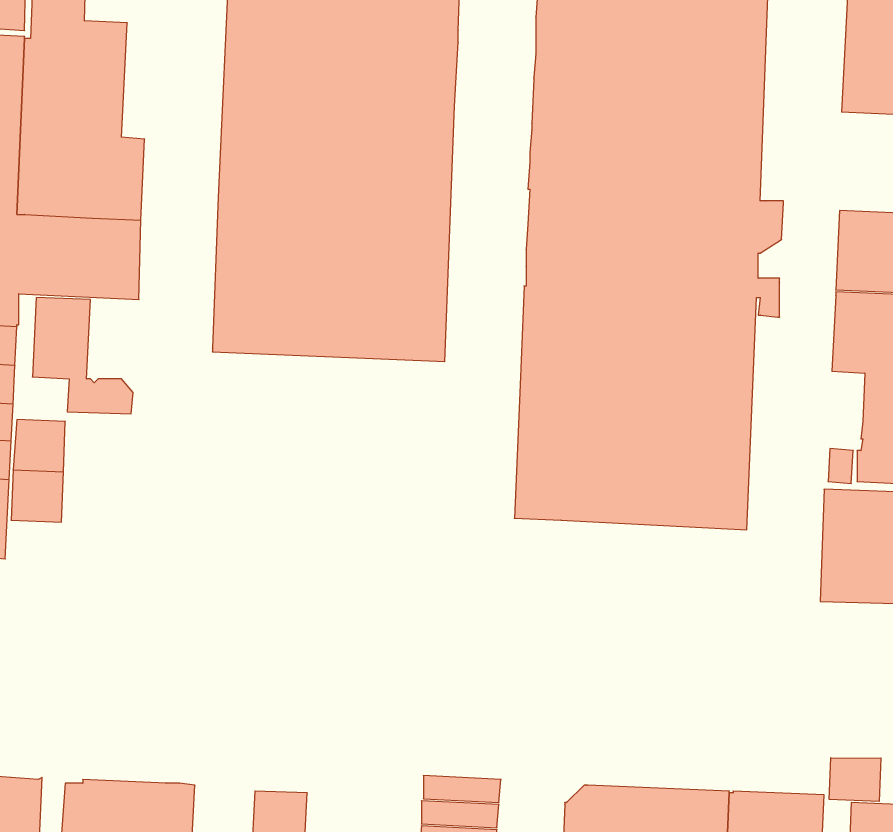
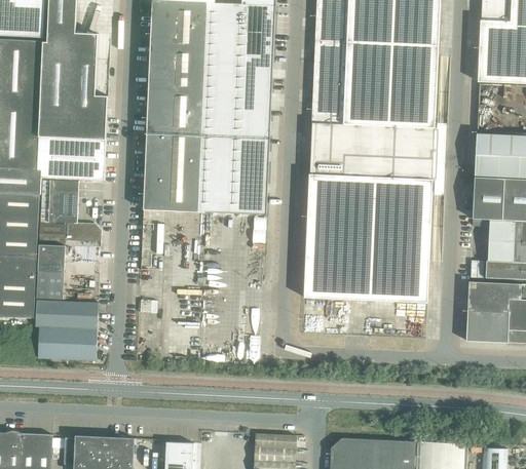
building: none -> [40,223,66,245]
building: none -> [36,300,99,359]
building: [829,758,881,801] -> none

